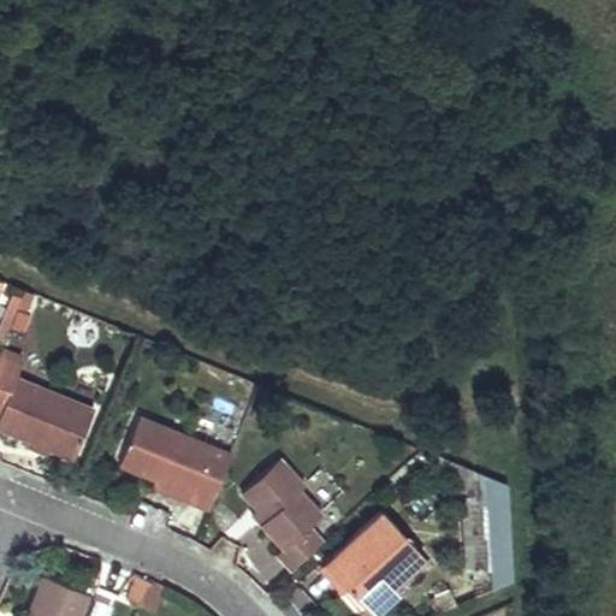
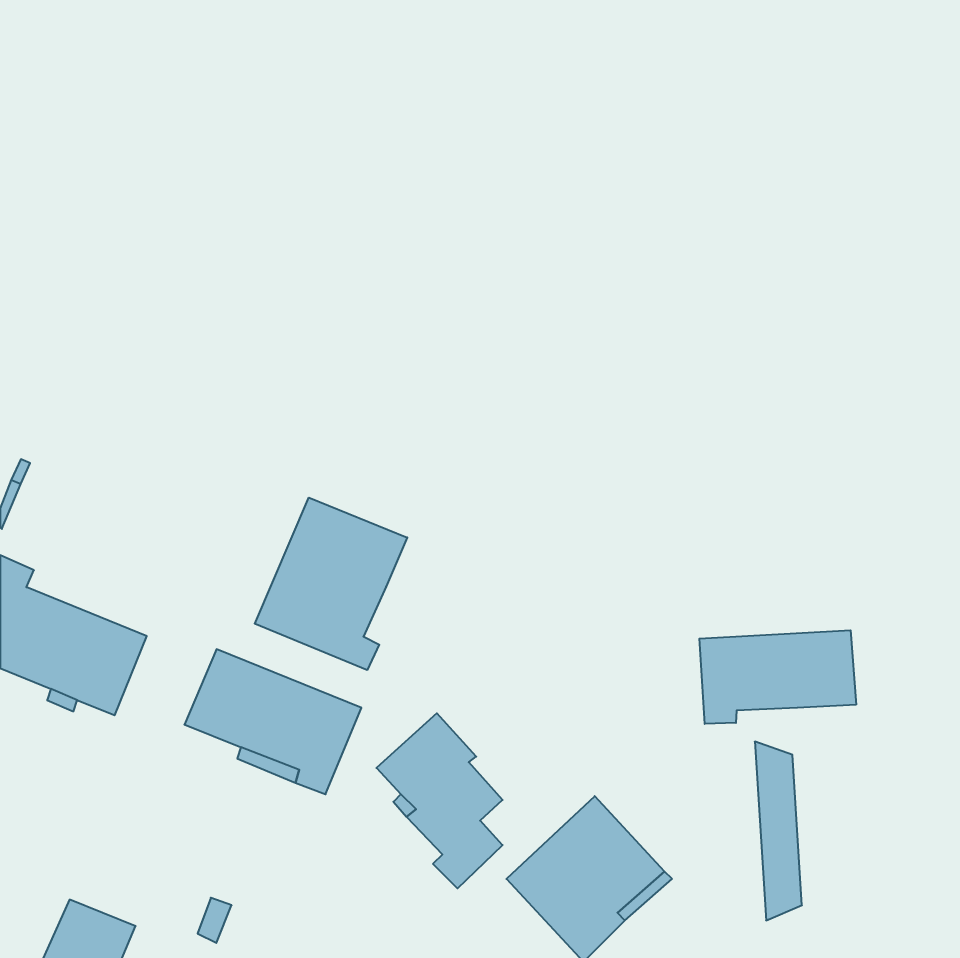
building: none -> [255,498,407,670]
building: none -> [699,630,856,724]

